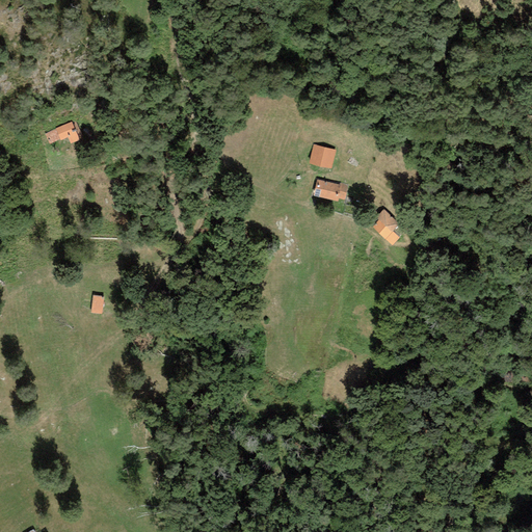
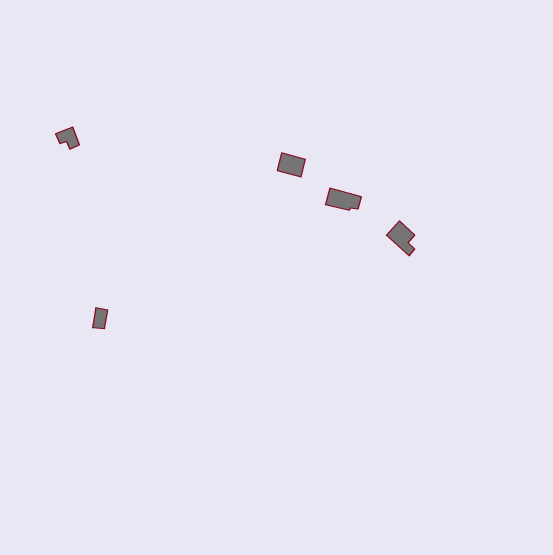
building: [309,144,336,167] -> [277,153,305,177]

